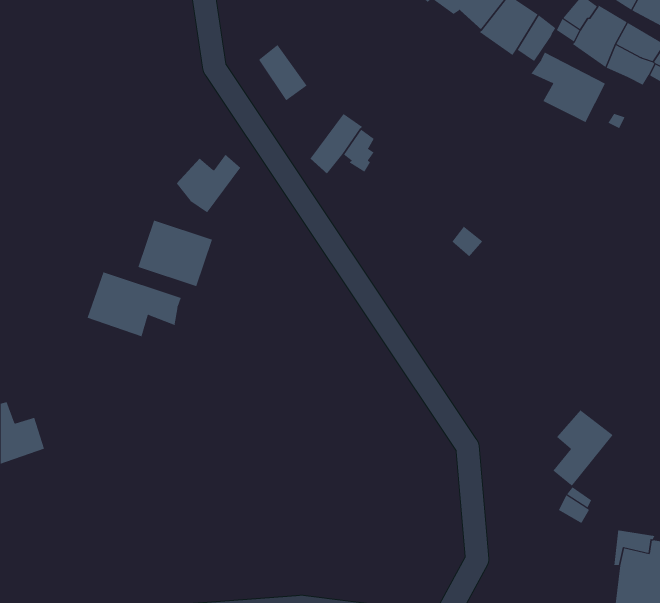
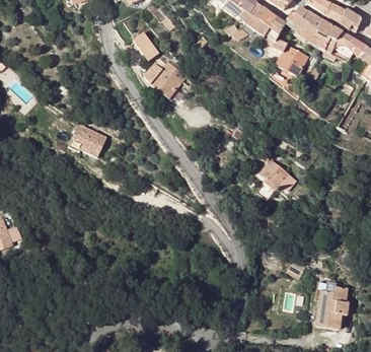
building: [176,154,241,213] -> [143,60,176,90]
building: [87,272,181,337] -> none
building: [552,409,614,486] -> [256,159,288,199]

